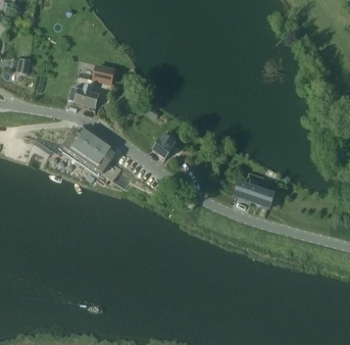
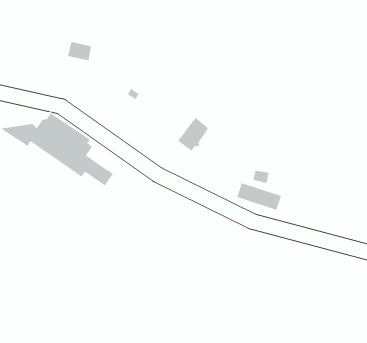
building: [68,85,98,107] -> none
building: [152,130,179,158] -> [177,117,209,151]

